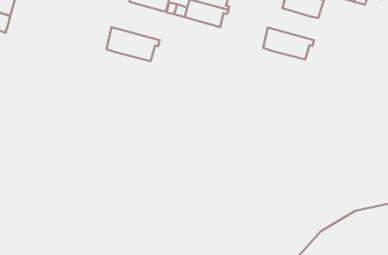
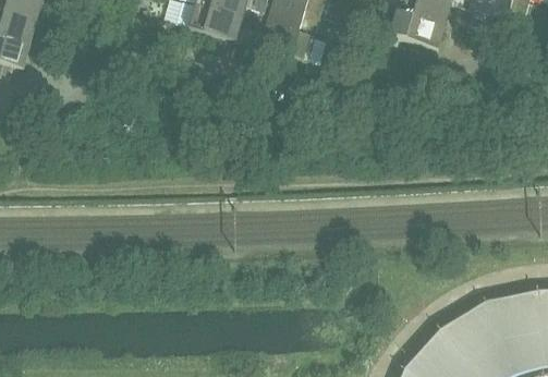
building: [107,27,160,61] -> none
building: [263,28,314,59] -> none

